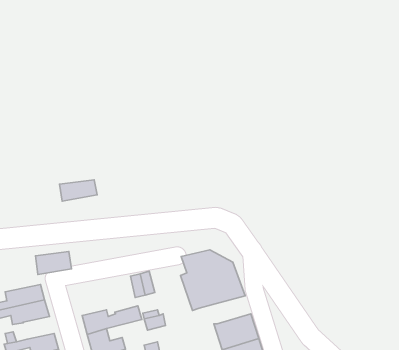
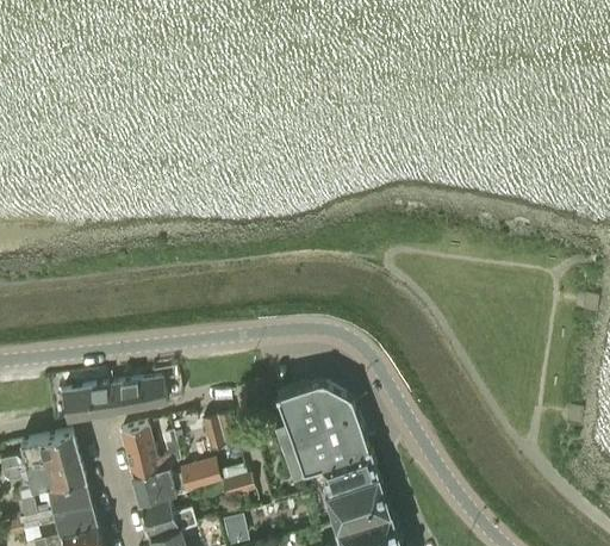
building: [60,180,97,201] -> [112,377,167,408]
building: none -> [119,424,172,476]
building: none -> [319,447,376,488]
building: none -> [45,477,91,510]

